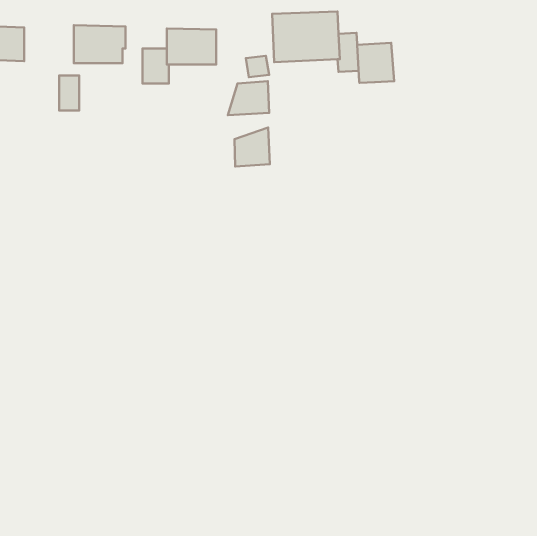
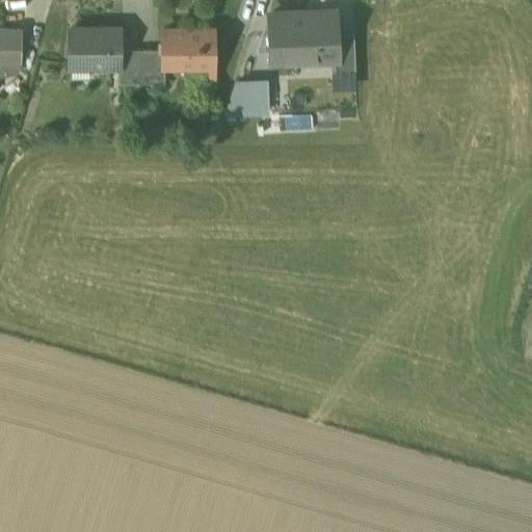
building: [357,43,394,83] -> none
building: [59,76,79,110] -> [121,51,140,85]
building: [235,128,270,167] -> none

